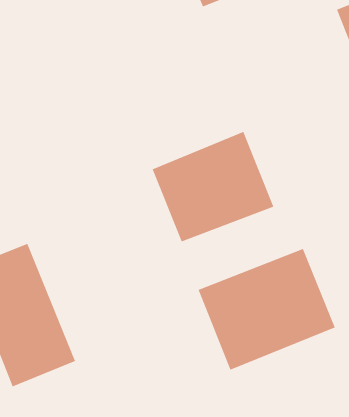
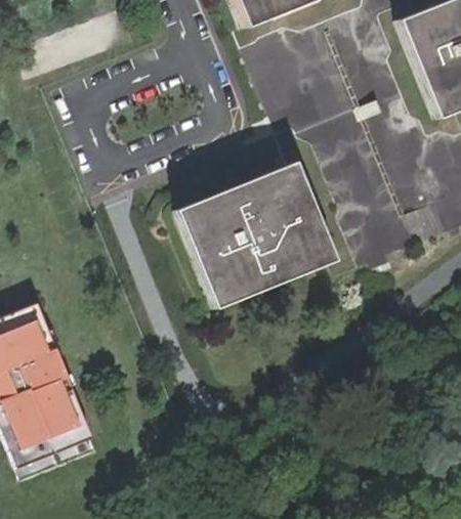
building: [198,248,335,371] -> none

